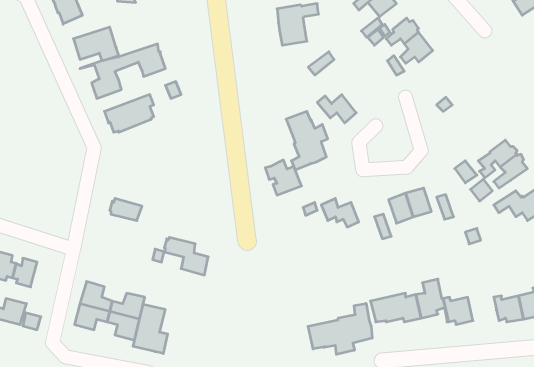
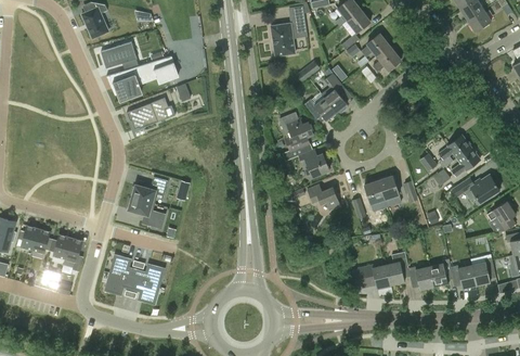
building: none -> [322,68,348,113]
building: [265,160,302,195] -> [299,149,329,178]
building: [164,237,208,275] -> [128,198,165,229]
building: none -> [63,238,82,271]
building: none -> [430,259,454,287]
building: [308,303,372,354] -> none
building: [133,304,168,354] -> none

